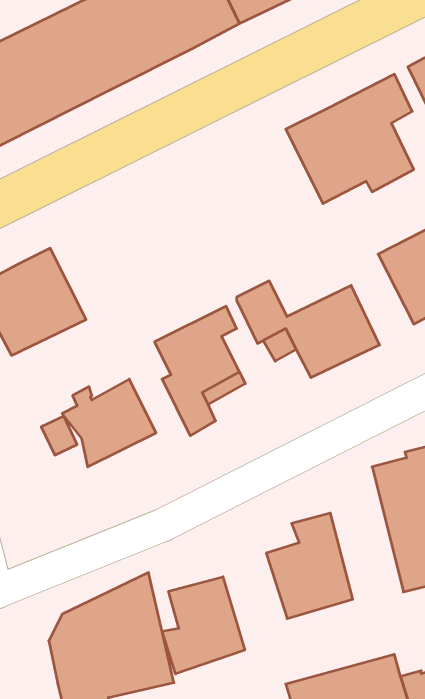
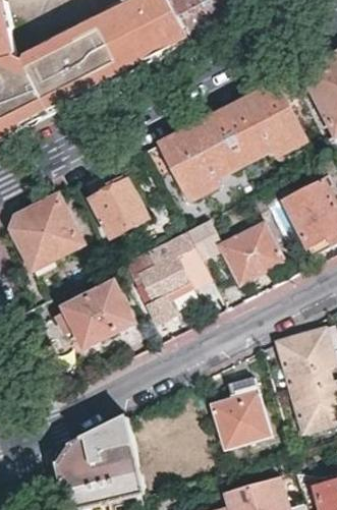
building: none -> [145,112,245,199]
building: none -> [92,175,148,234]
building: [162,577,245,674] -> none

